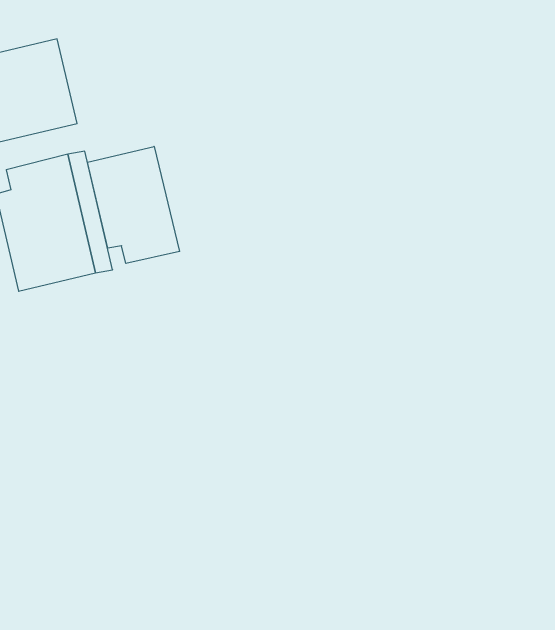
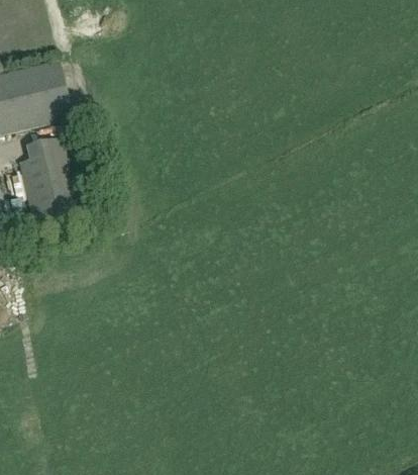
building: [87,146,180,263] -> none

